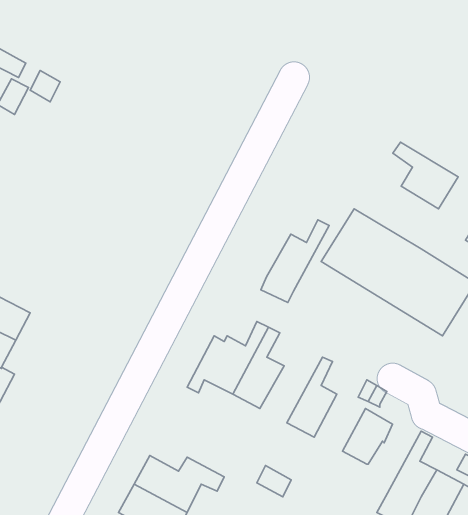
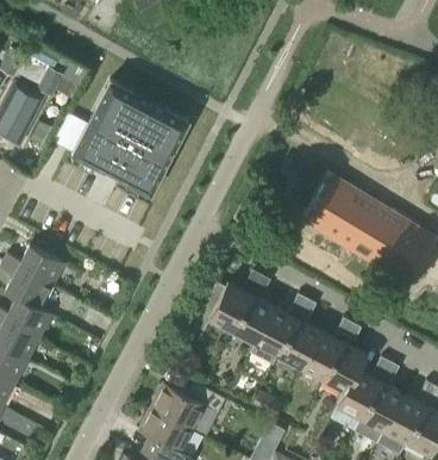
building: none -> [71,75,181,186]
building: [393,142,458,209] -> none
building: [261,220,329,303] -> [251,298,308,367]
building: none -> [301,334,344,381]
building: none -> [337,360,390,419]

